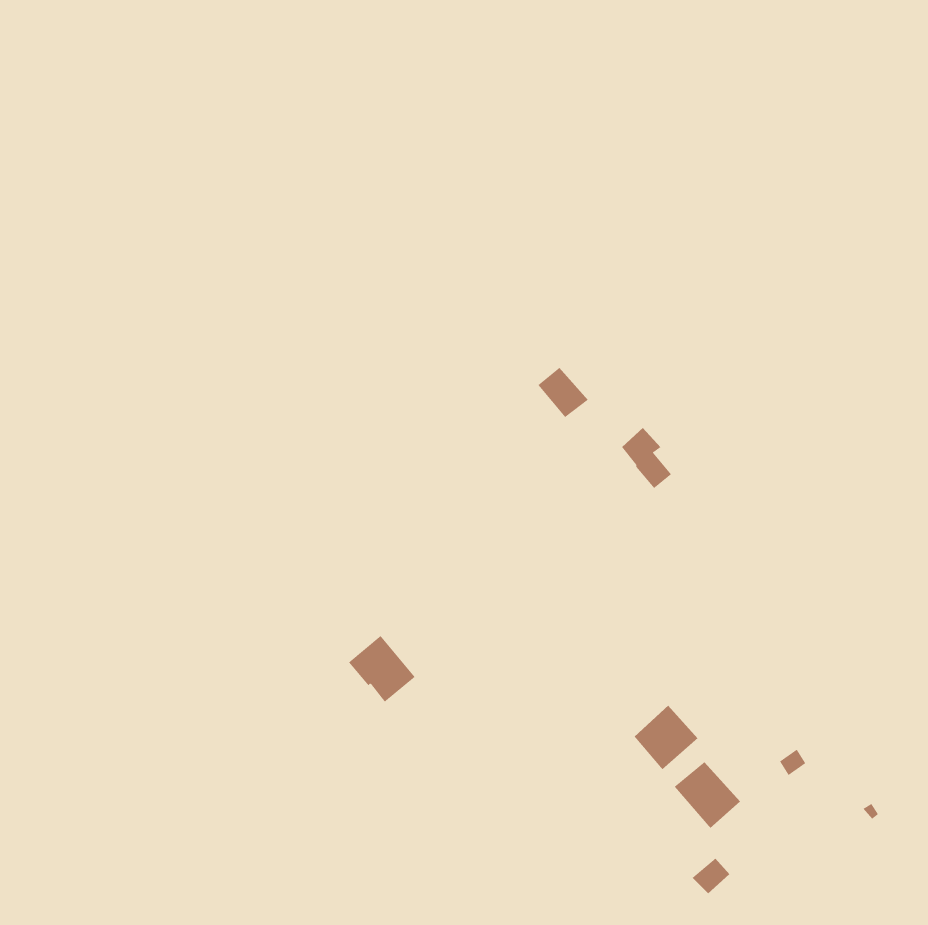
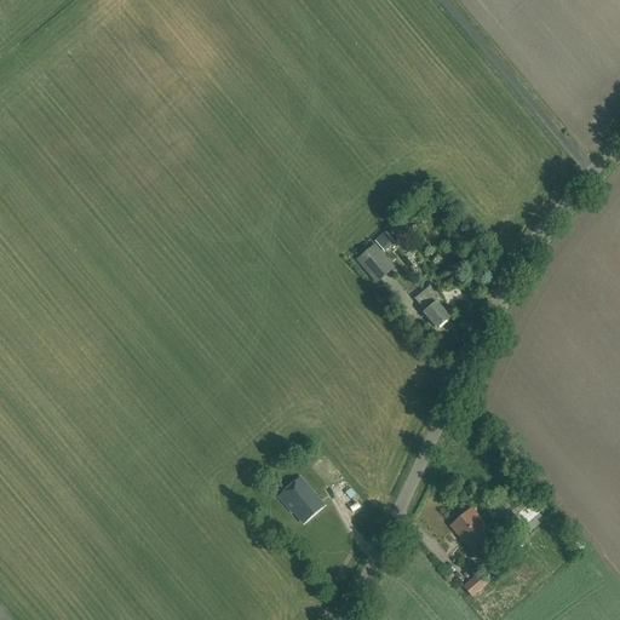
building: [348,635,415,702] -> [279,476,323,521]
building: [634,705,699,770] -> none

